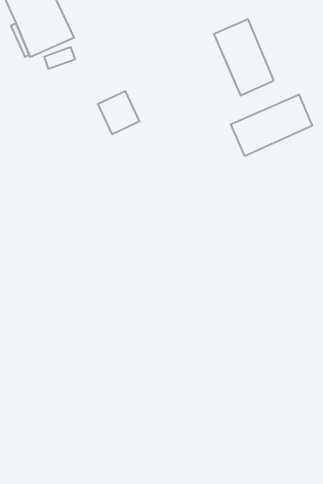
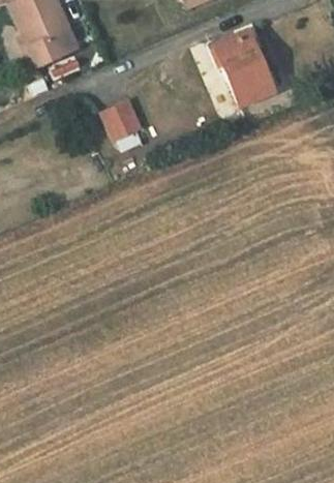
building: [231,94,312,156] -> none

